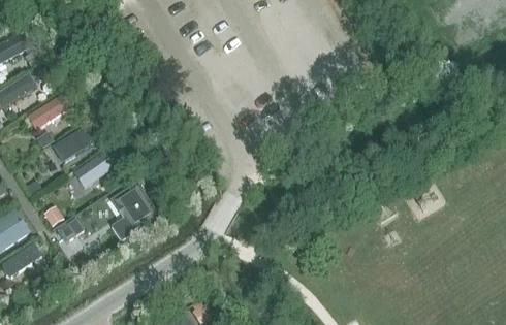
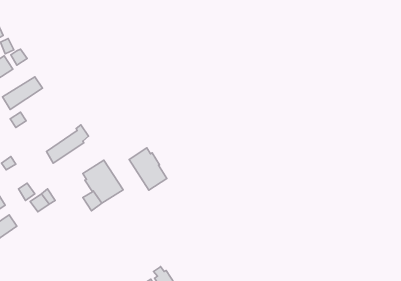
building: [53,121,103,162] -> none
building: none -> [129,148,167,190]

